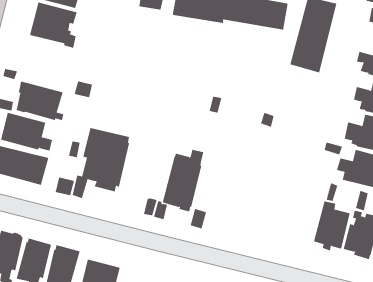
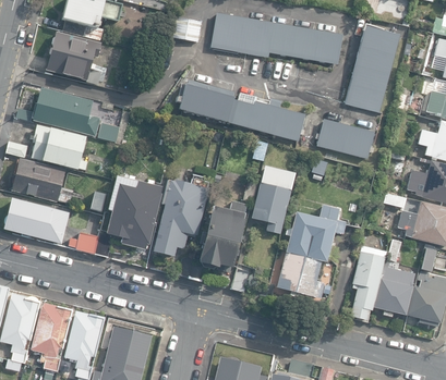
building: none -> [177,79,305,140]
building: none -> [33,87,100,136]
building: none -> [316,117,375,159]
building: none -> [252,166,294,233]
building: none -> [153,180,209,256]
building: none -> [277,205,345,297]
building: none -> [349,245,383,320]

